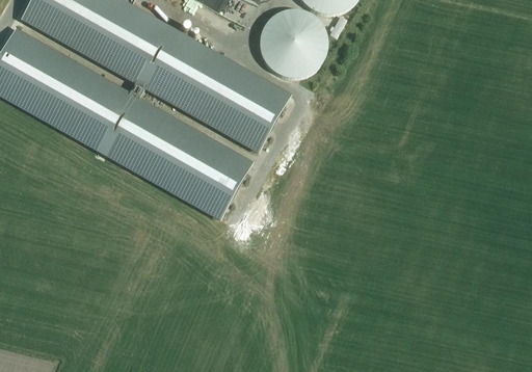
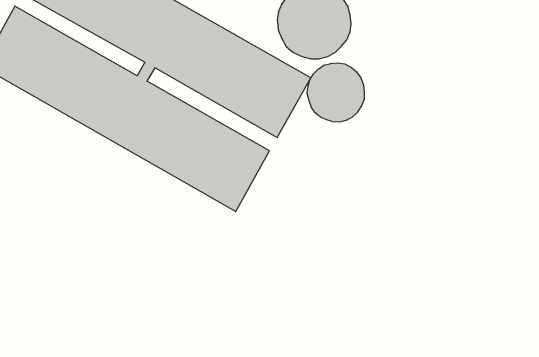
building: none -> [307,63,364,122]

